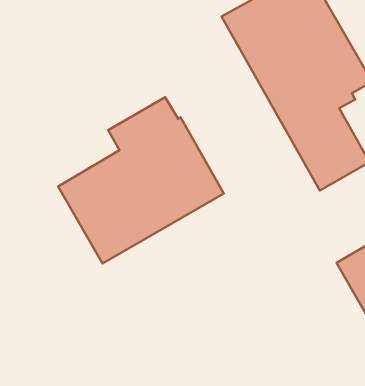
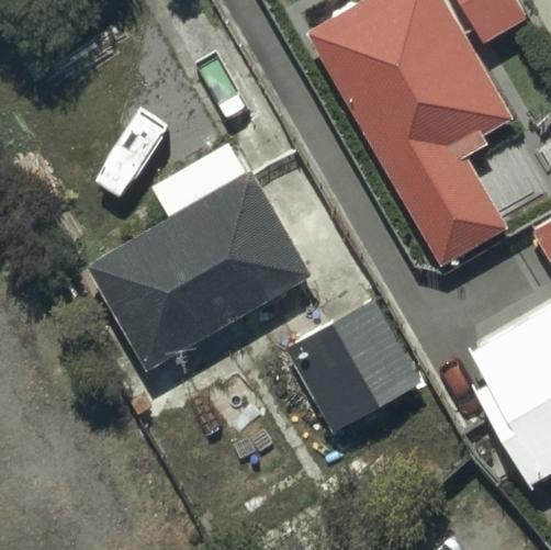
building: none -> [289,299,427,438]

